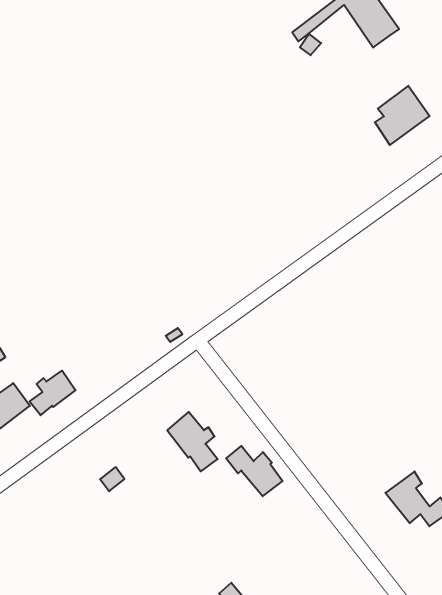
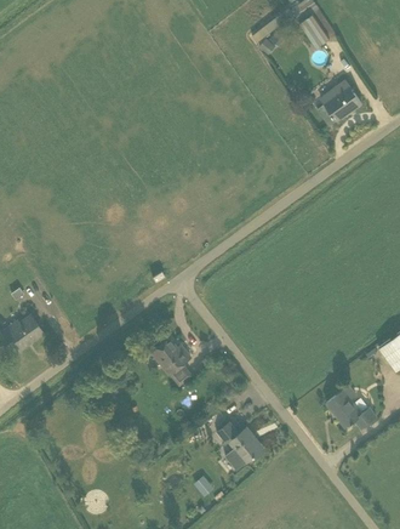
building: [30,371,76,415] -> none
building: [226,446,283,496] -> [217,422,262,462]

